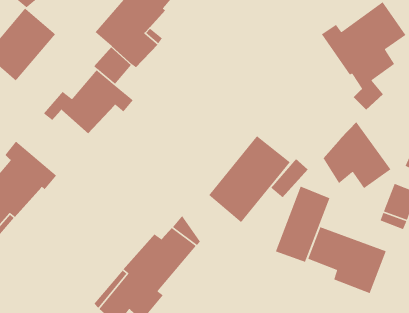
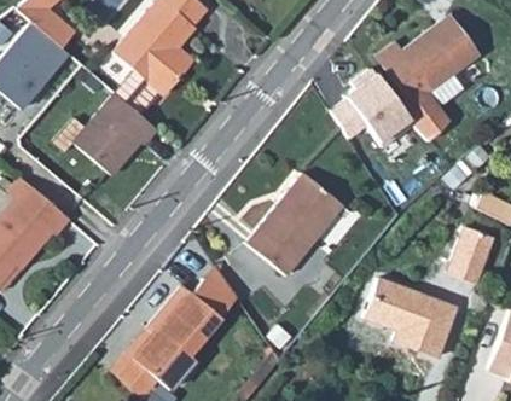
building: [322,121,392,189] -> [331,68,412,147]
building: [275,185,331,263] -> none

